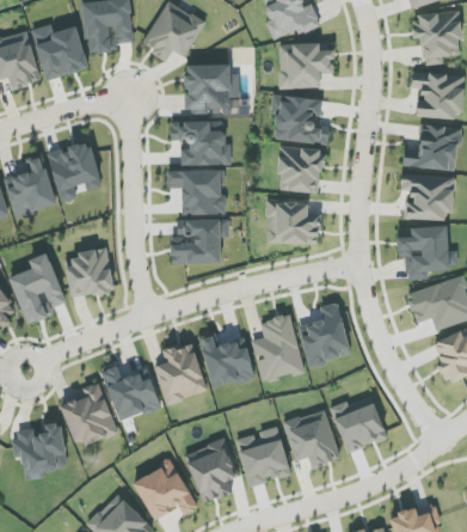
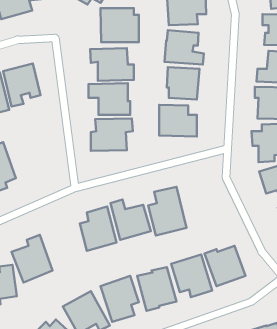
building: [64,246,113,296] -> none
building: [301,301,350,365] -> none
building: [100,365,159,421] -> none

